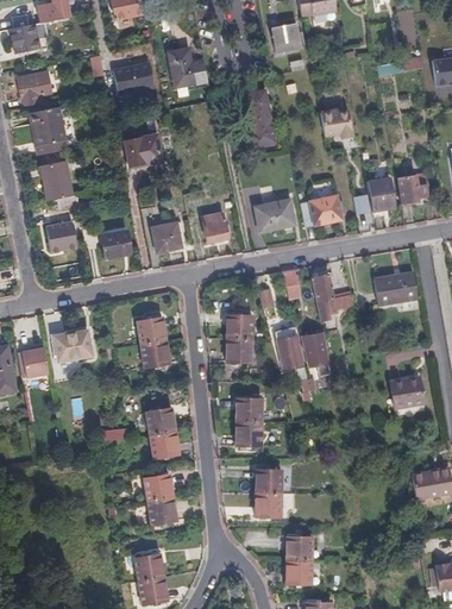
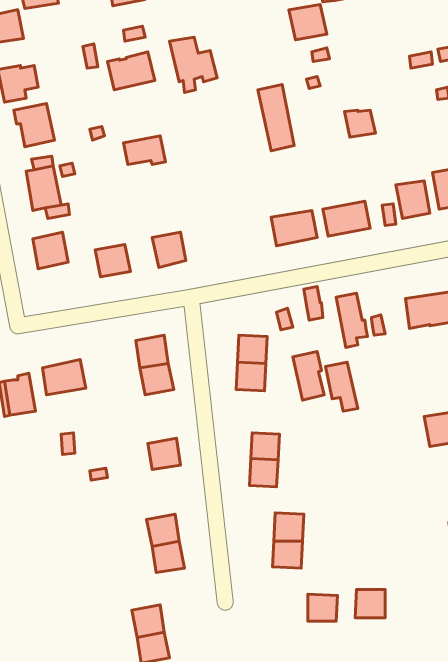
building: [201,212,228,241] -> none
building: [151,425,180,452] -> none
building: [287,561,313,586] -> [355,589,385,618]

